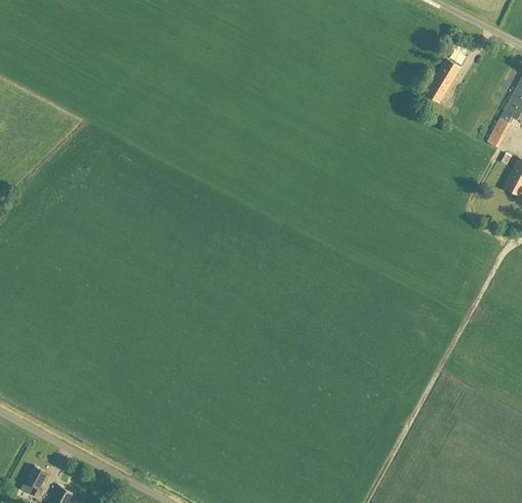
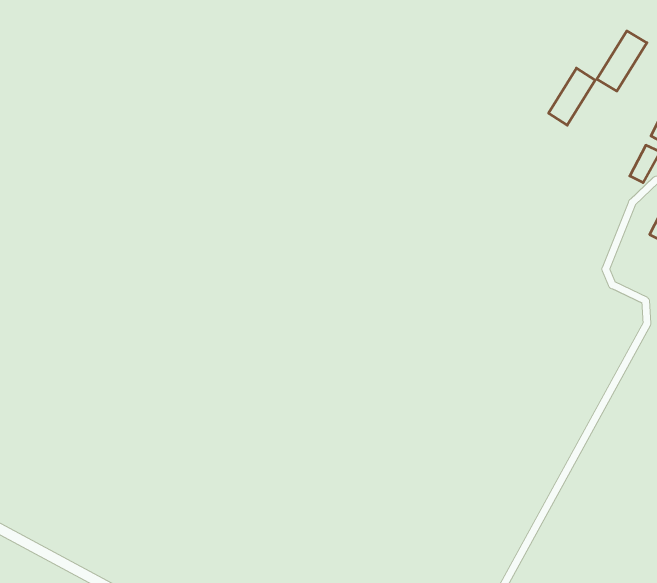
building: none -> [597,31,647,91]

